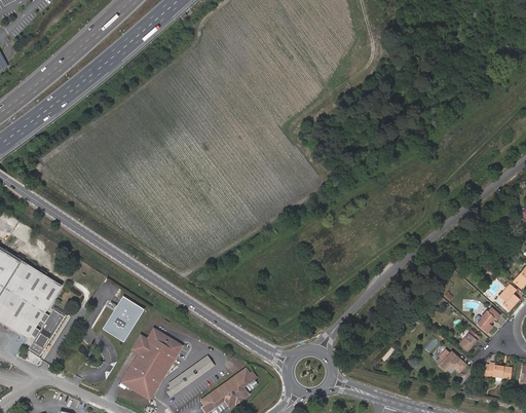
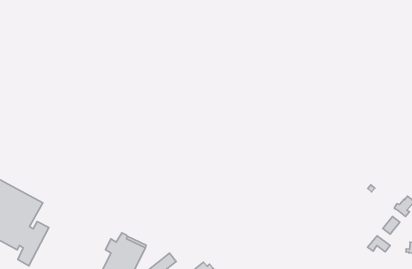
building: [103,295,144,341] -> none

